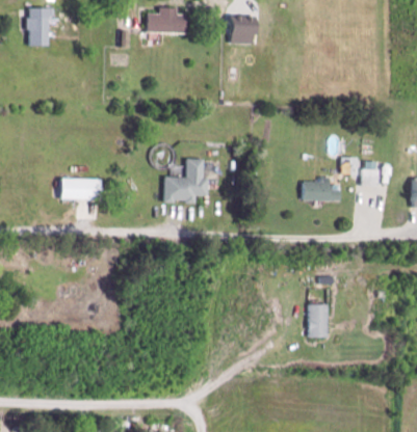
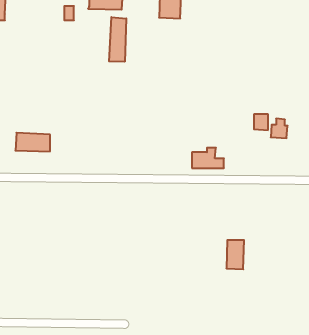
building: none -> [109,17,126,62]
building: [164,159,208,205] -> none
building: [303,177,340,200] -> [192,148,224,168]

